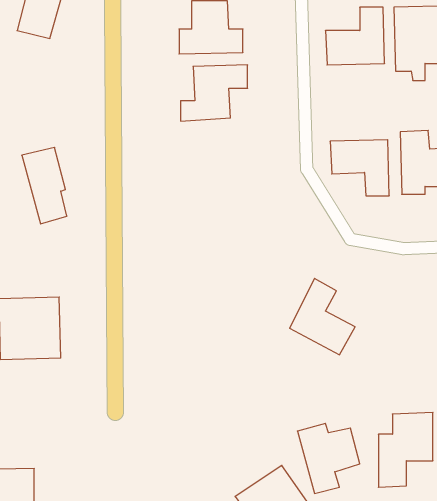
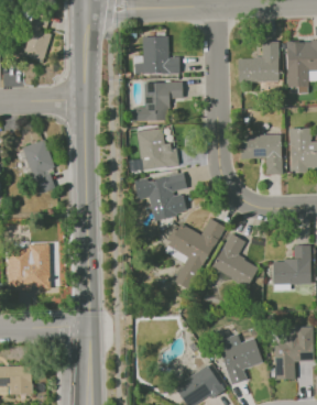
building: none -> [136,128,179,169]
building: none -> [134,173,187,219]
building: none -> [164,218,223,289]
building: none -> [273,244,311,284]

